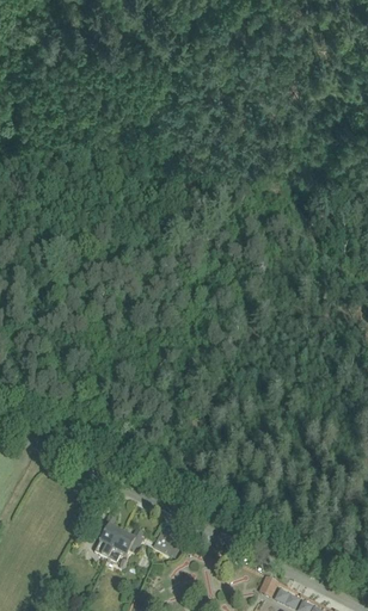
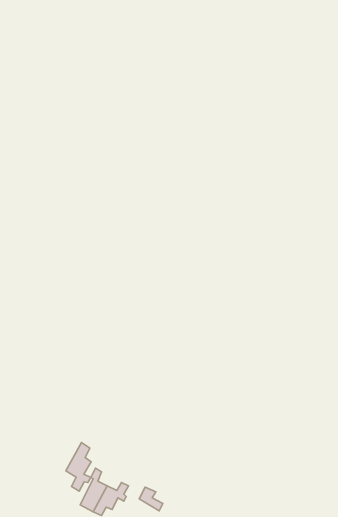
building: none -> [66,442,91,491]

